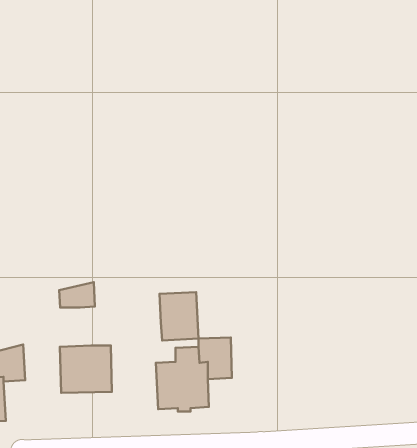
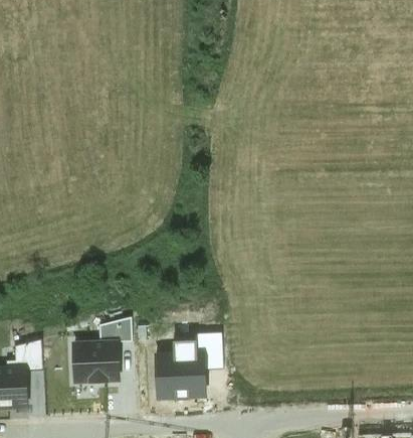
building: [59,282,95,308] -> [99,319,131,341]
building: [160,292,198,340] -> none

